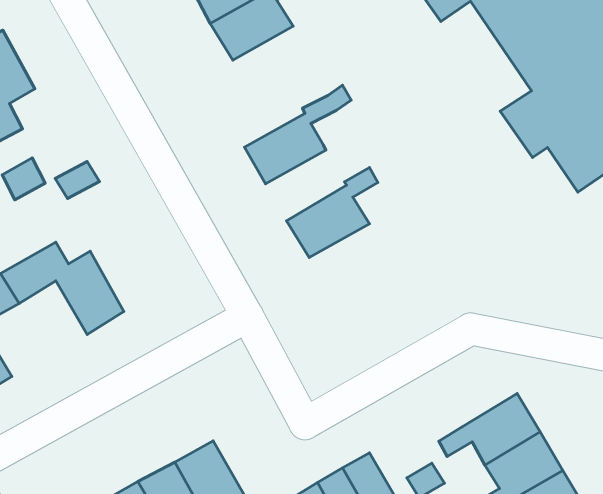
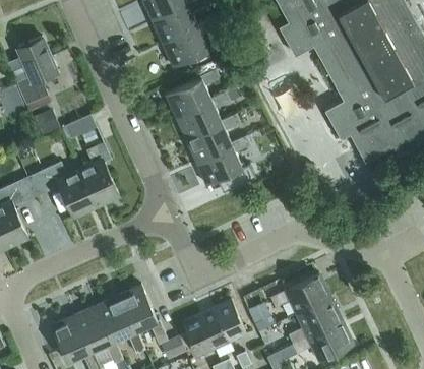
building: none -> [165,70,220,118]
building: none -> [185,114,240,163]
building: none -> [80,142,120,206]

